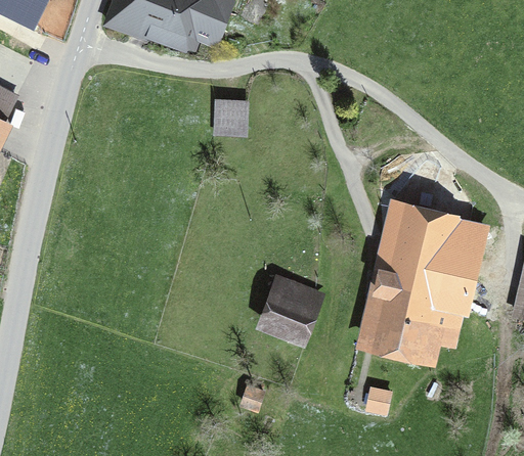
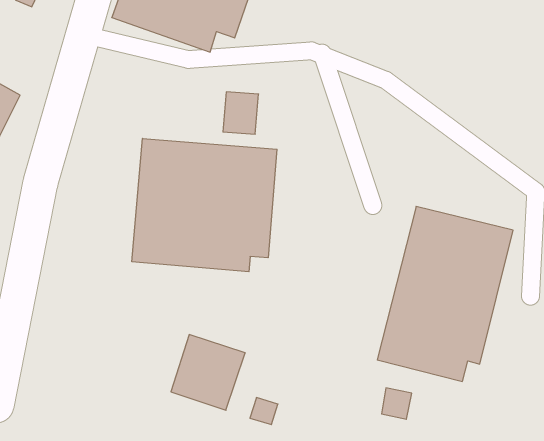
building: none -> [132,138,277,272]
building: [252,270,322,341] -> [171,335,245,410]

